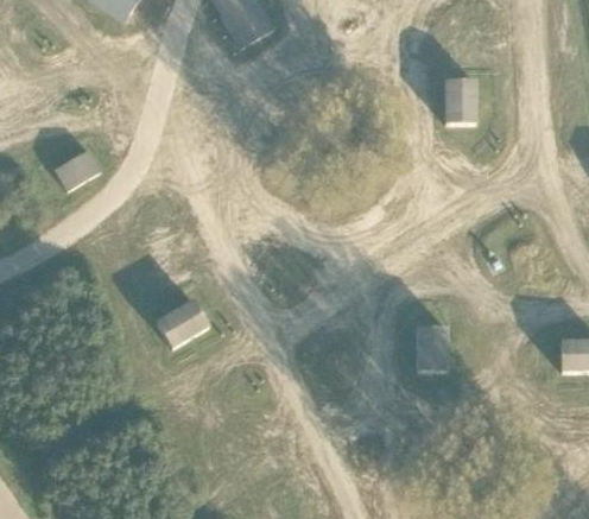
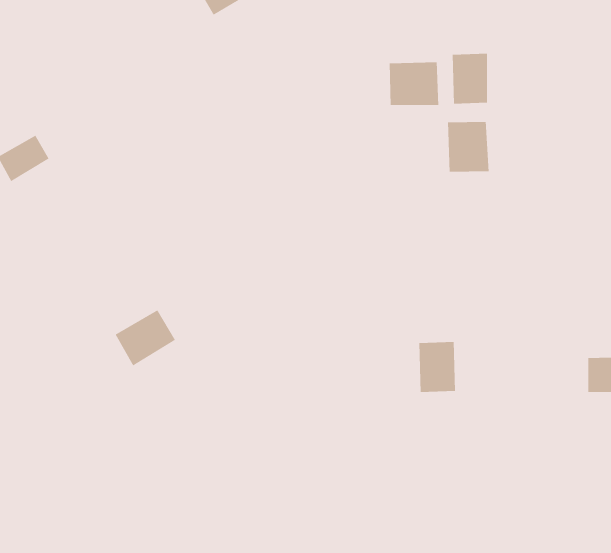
building: none -> [389,61,439,106]
building: none -> [448,121,489,173]

